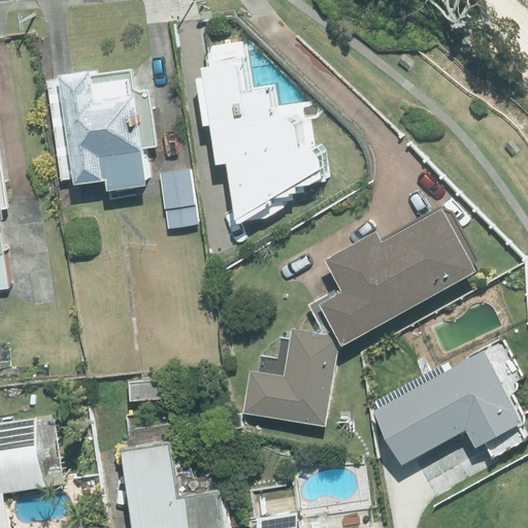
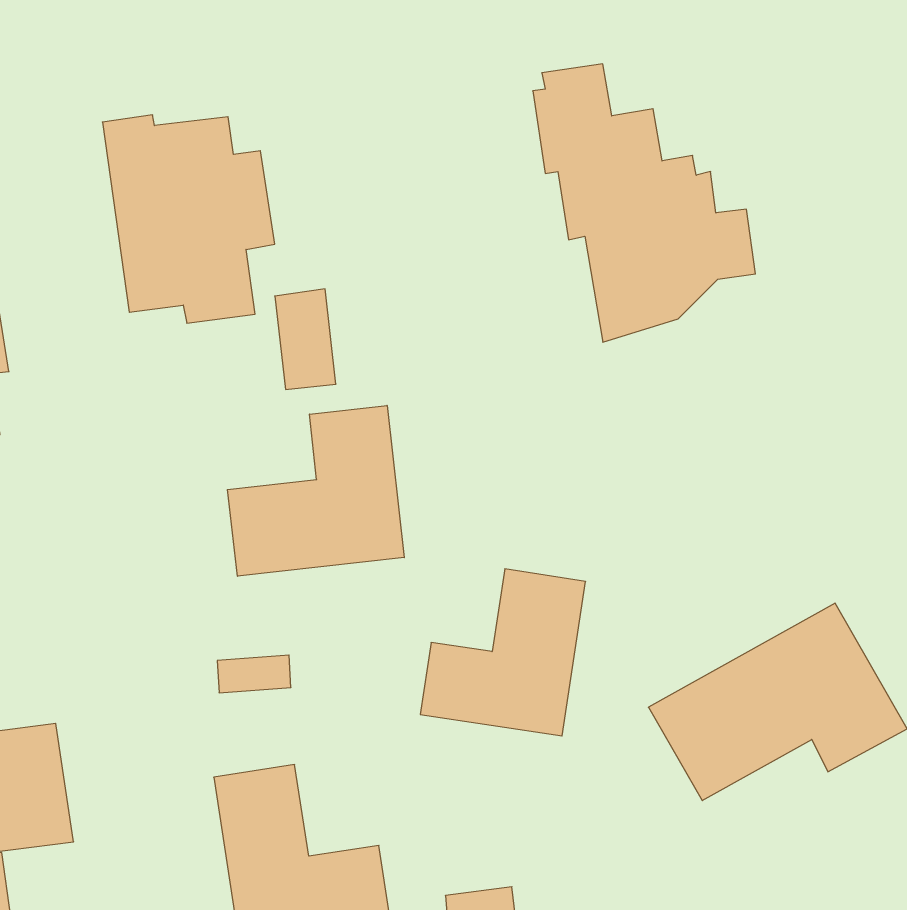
building: [196,62,324,222] -> [533,64,755,342]
building: [319,209,474,344] -> none
building: none -> [227,405,404,576]

